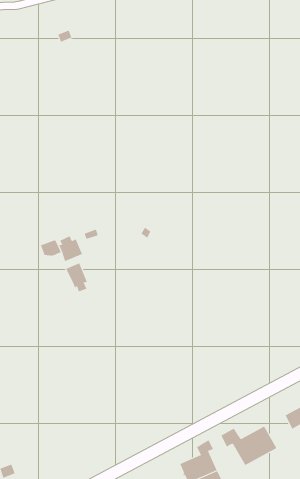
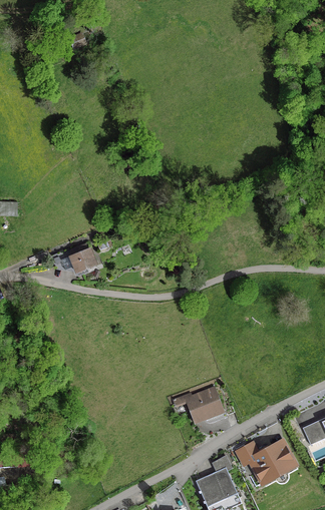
building: [65,263,88,292] -> none
building: none -> [174,387,223,424]

